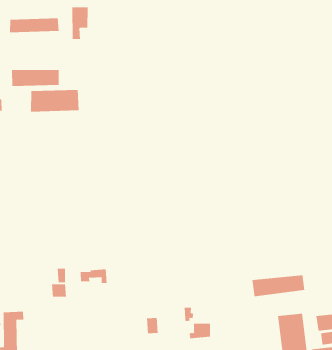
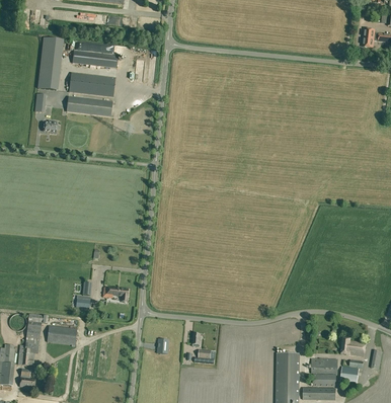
building: [30,89,79,112] -> [69,73,115,97]
building: [252,274,305,297] -> none
building: none -> [47,326,77,346]

